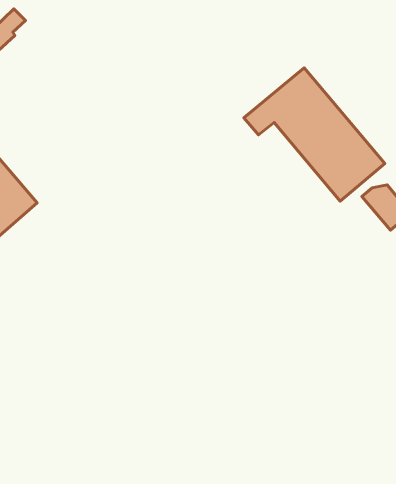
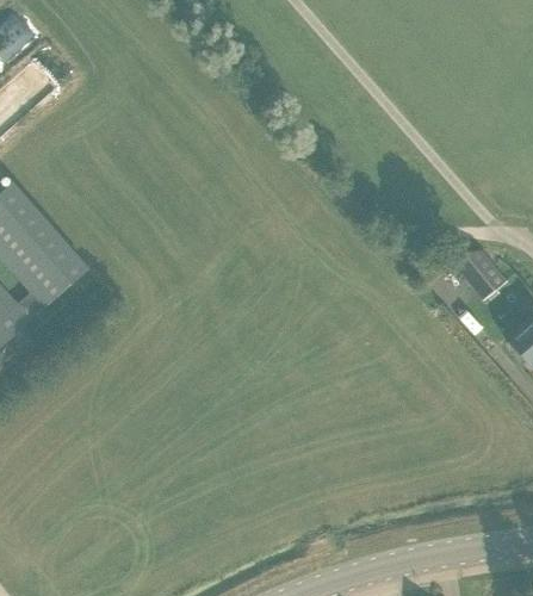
building: [244,68,385,201] -> none

